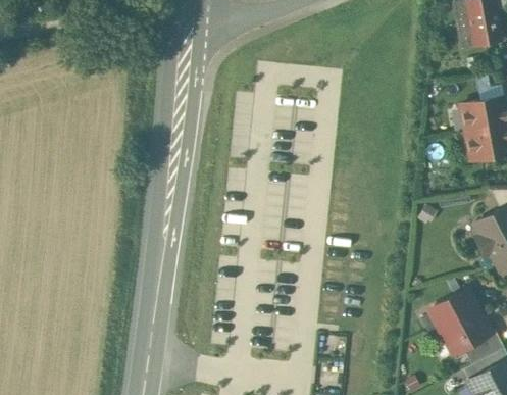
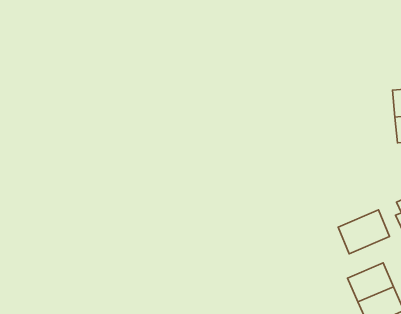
building: none -> [338,210,390,254]

